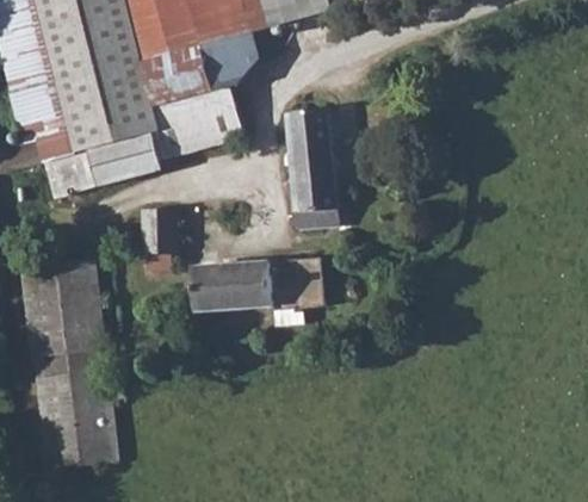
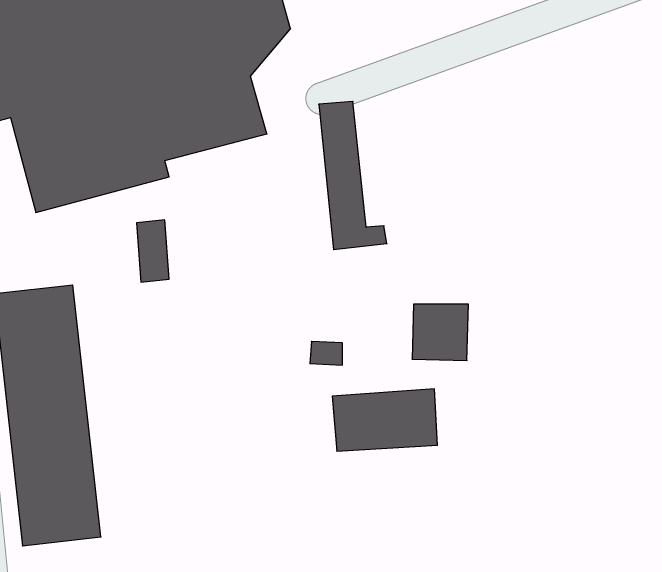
building: [281,256,327,302] -> [412,304,468,361]
building: [192,260,277,310] -> [332,389,437,451]

